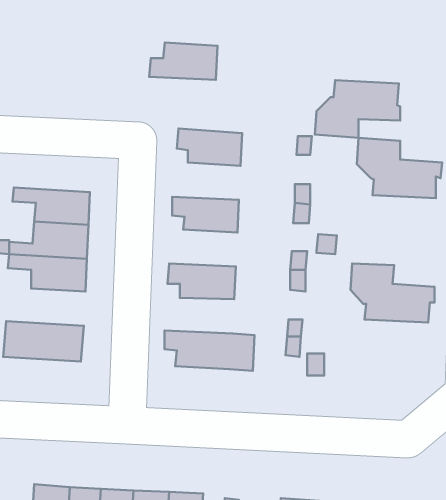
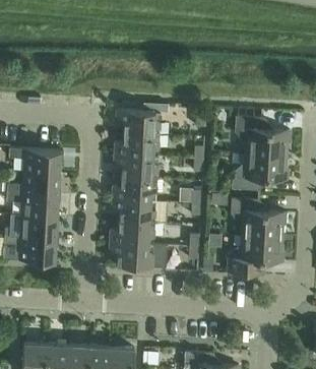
building: [149,43,218,80] -> [114,132,159,157]
building: [315,80,400,138] -> [232,153,288,191]
building: none -> [112,176,156,200]
building: none -> [5,214,57,239]
building: none -> [109,221,154,244]
building: none -> [228,235,283,273]

